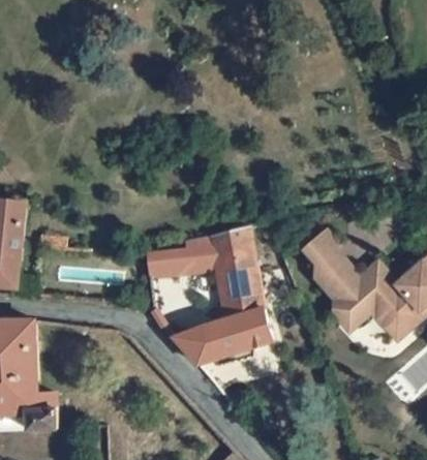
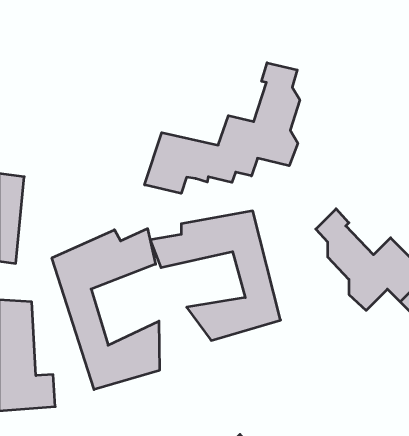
building: none -> [145,63,300,193]
building: none -> [52,229,159,390]

